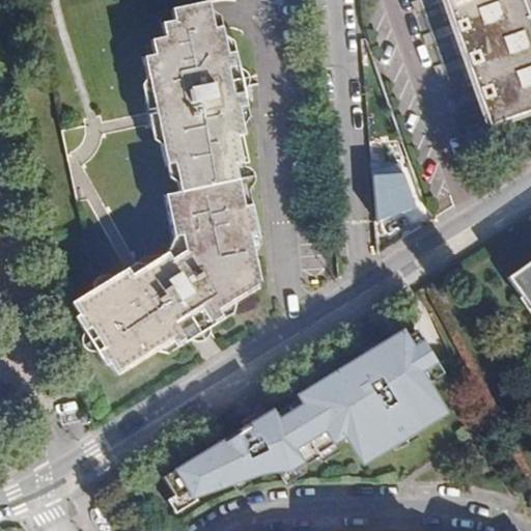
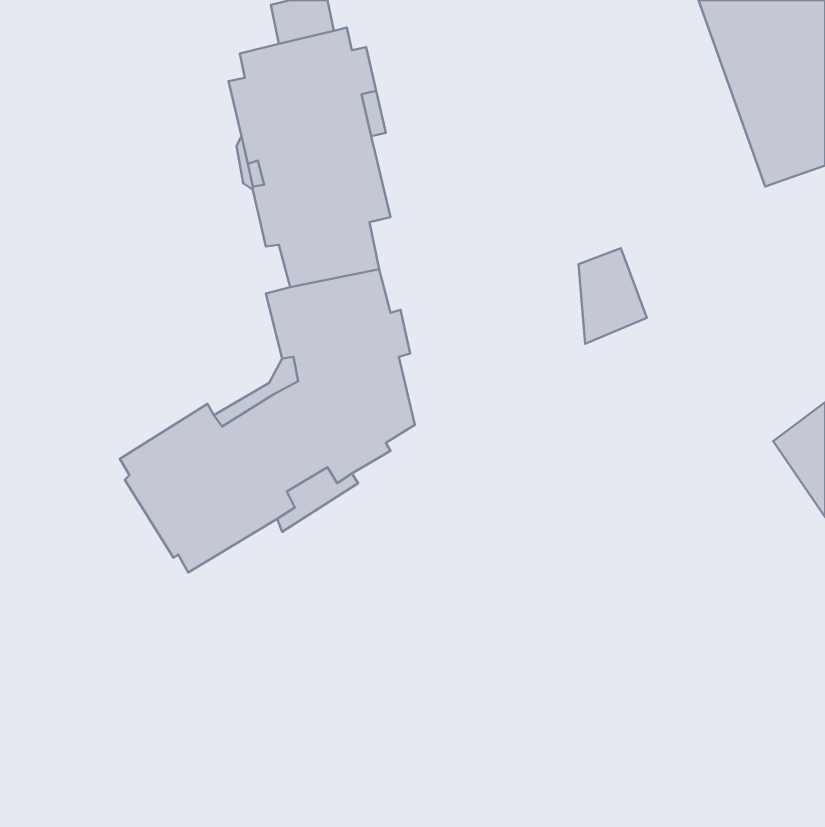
building: [148,333,442,521] -> none

